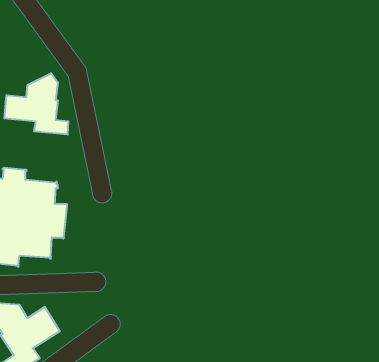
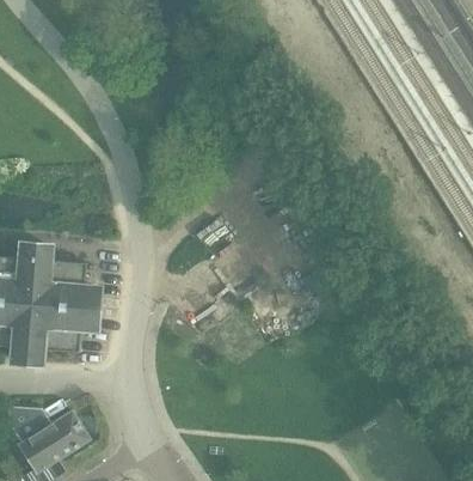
building: [4,73,68,135] -> none

